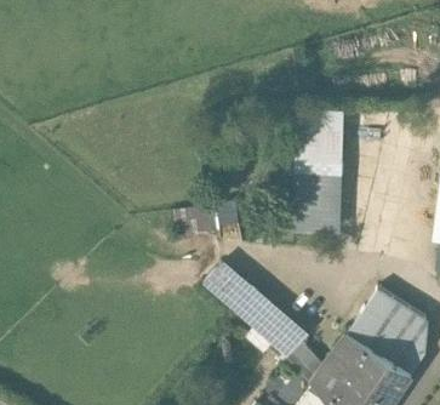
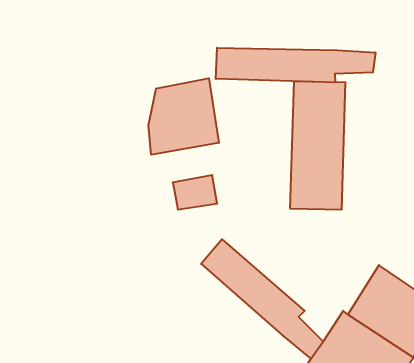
building: none -> [216,48,376,82]
building: none -> [148,78,219,155]

